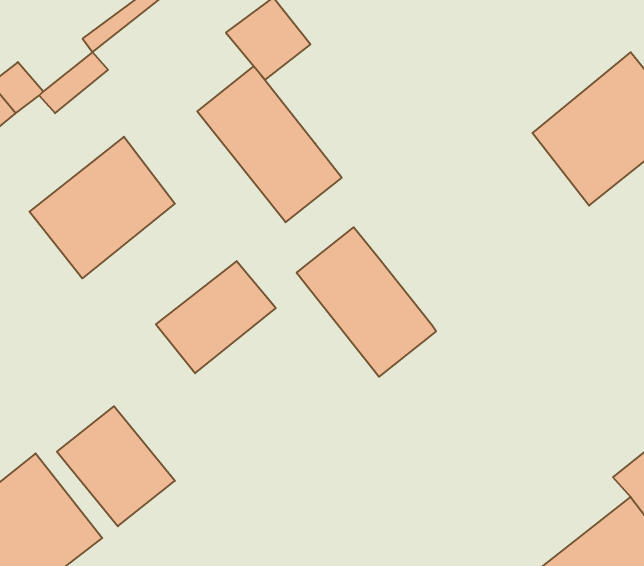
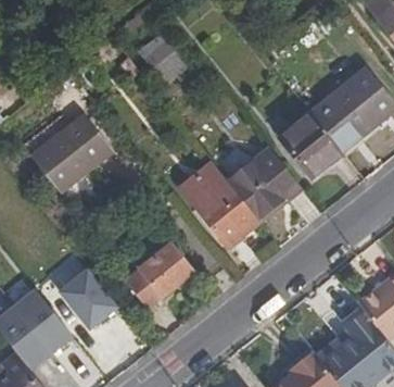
building: [197,67,342,222] -> none
building: none -> [279,111,343,177]
building: none -> [227,147,302,217]
building: [156,261,276,373] -> [127,245,193,307]

